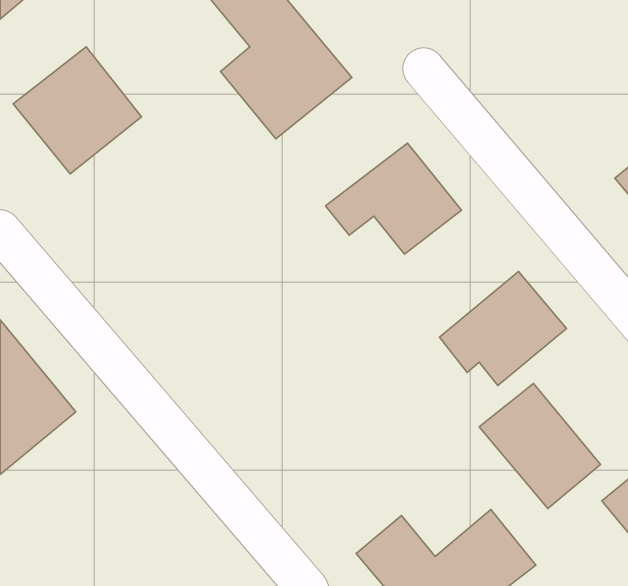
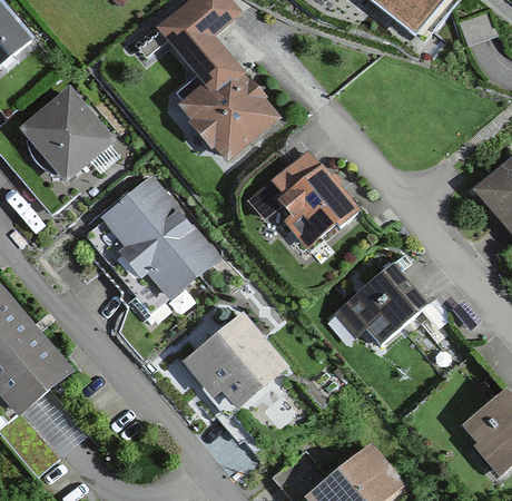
building: none -> [89,173,219,305]
building: none -> [181,312,283,411]
building: [479,384,601,508] -> none

